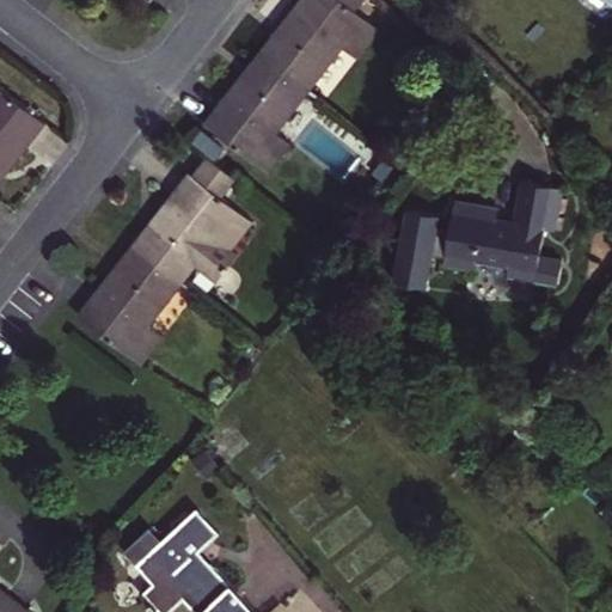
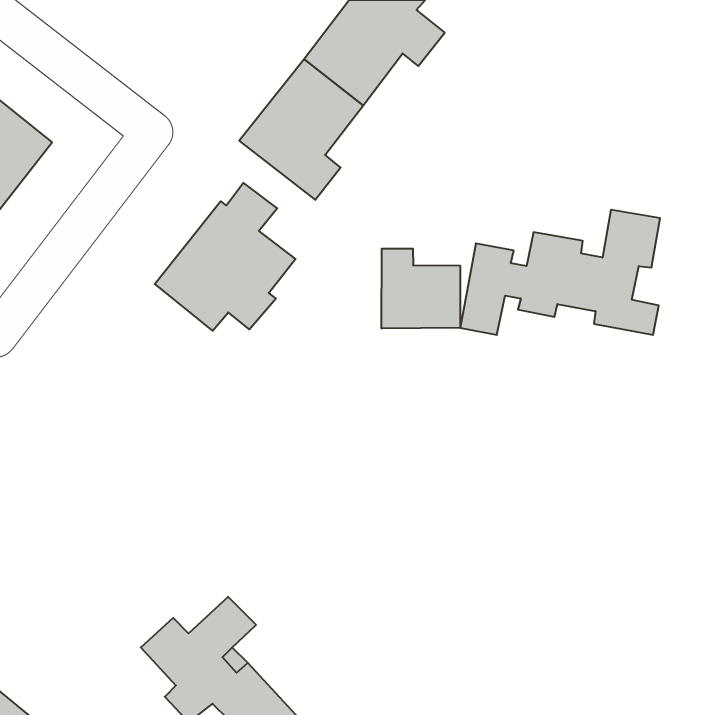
building: none -> [382,249,460,329]
building: [75,245,180,367] -> none

